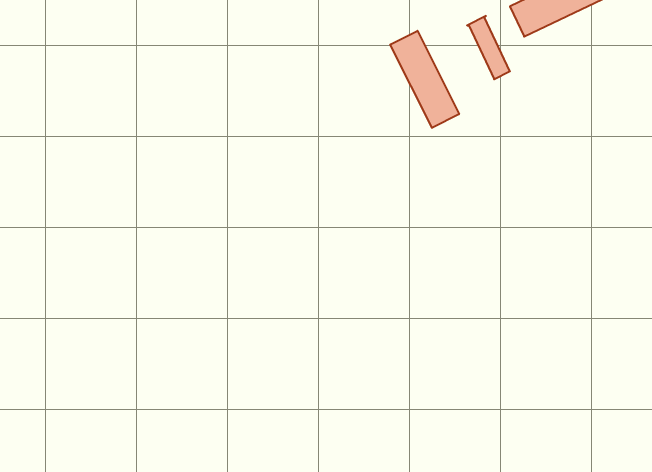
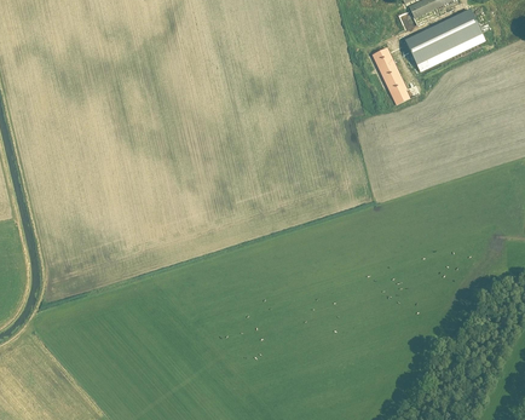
building: [390,31,459,128] -> none

